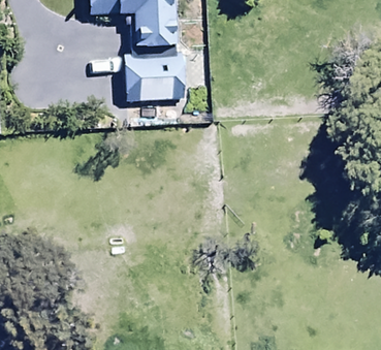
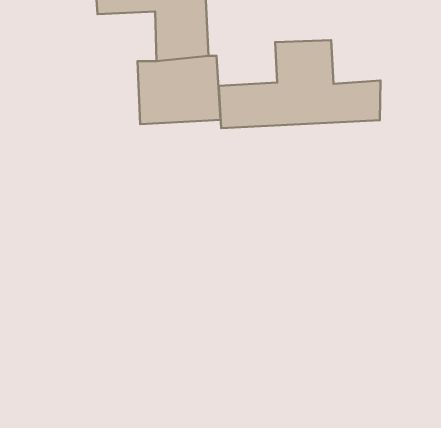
building: none -> [219,40,380,128]

